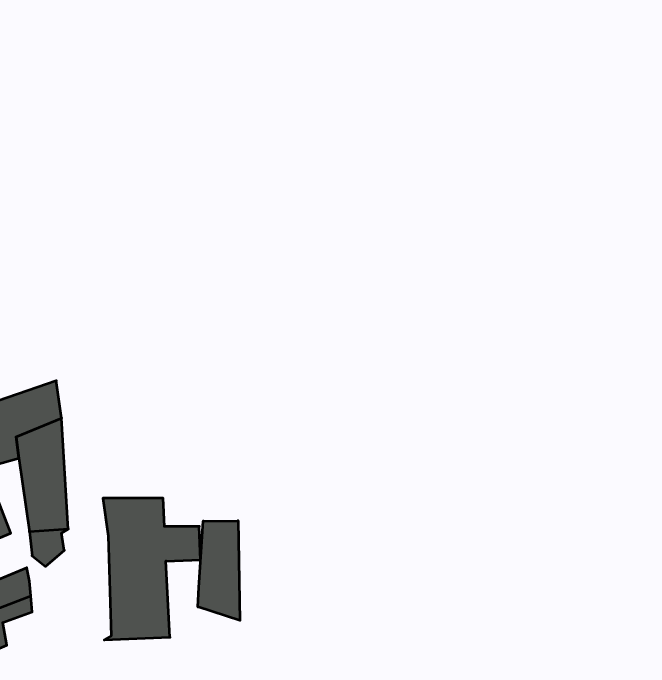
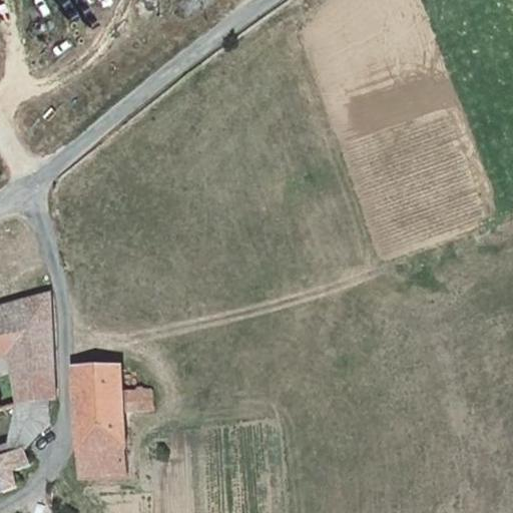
building: [198,521,240,620] -> none

